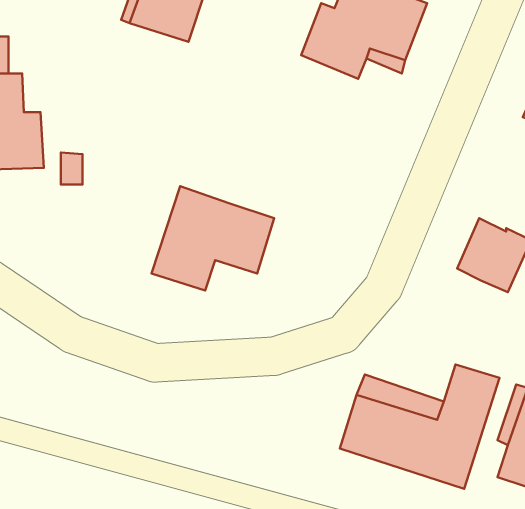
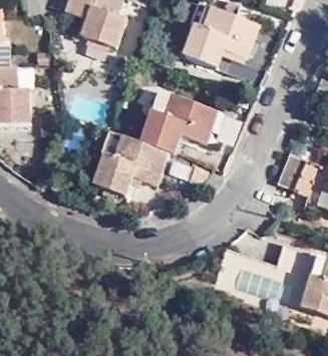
building: none -> [140,90,217,154]

